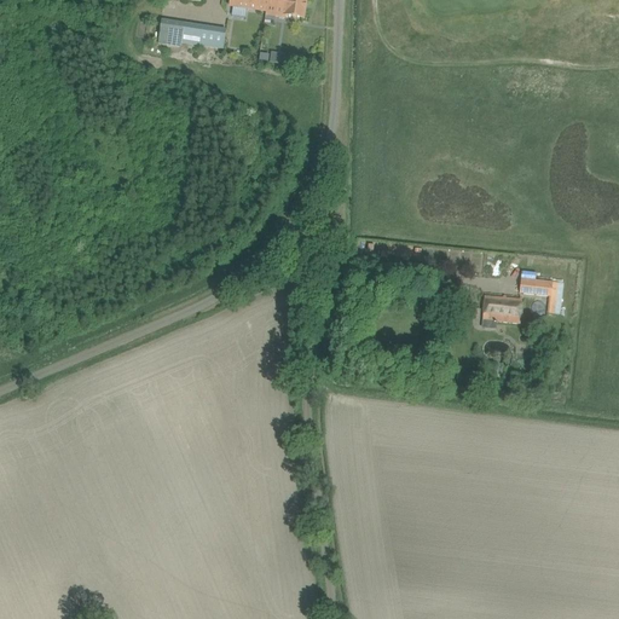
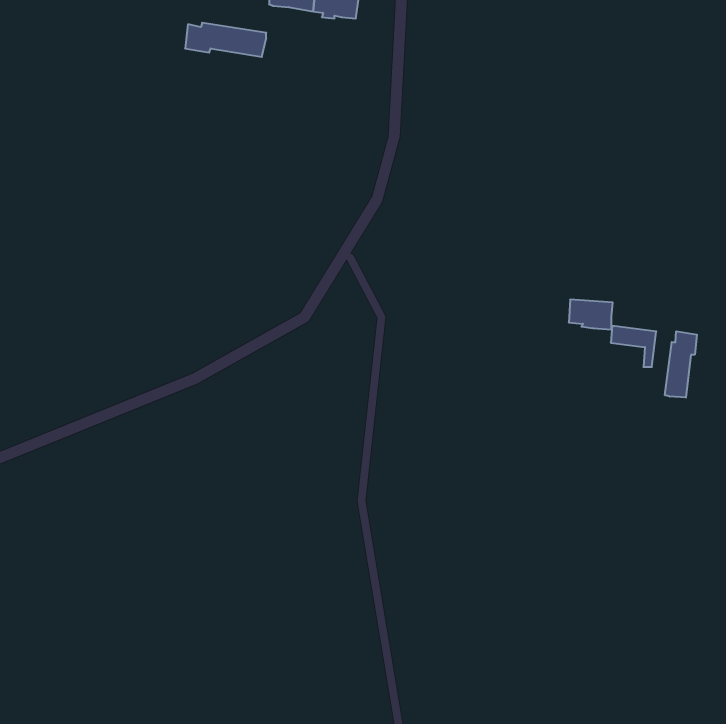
building: none -> [665,331,697,398]
building: [482,295,520,320] -> [569,300,613,329]

